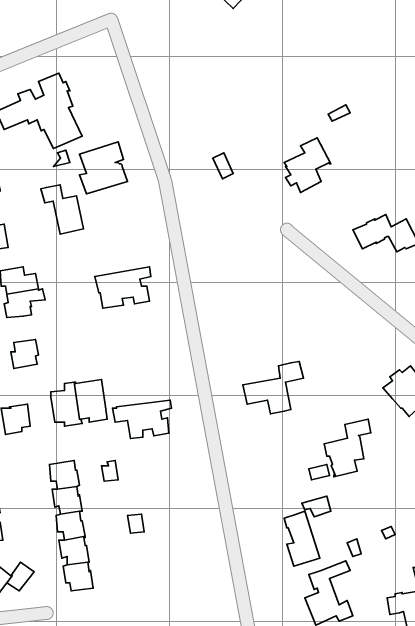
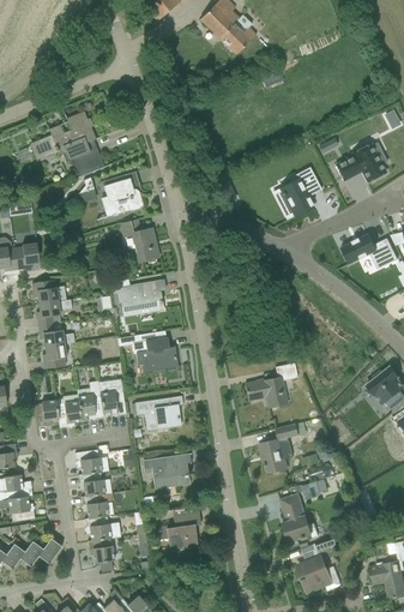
building: none -> [336,143,387,181]
building: [41,185,83,234] -> [121,218,158,262]
building: none -> [38,323,74,346]
building: none -> [117,331,176,371]
building: none -> [56,394,82,428]
building: [324,419,371,477] -> [259,422,300,473]
building: none -> [143,454,191,488]
building: none -> [158,505,200,551]

